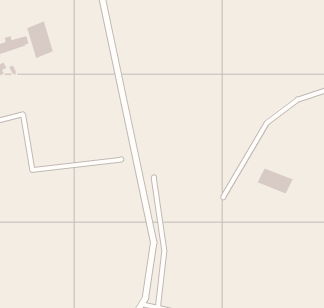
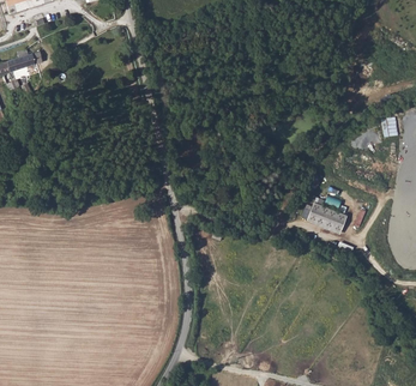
building: [26,21,54,59] -> none

